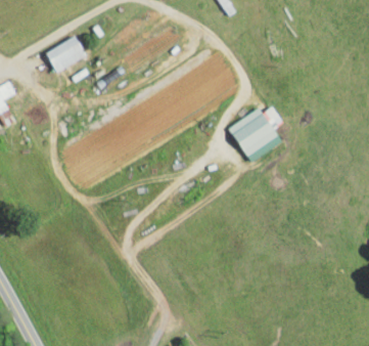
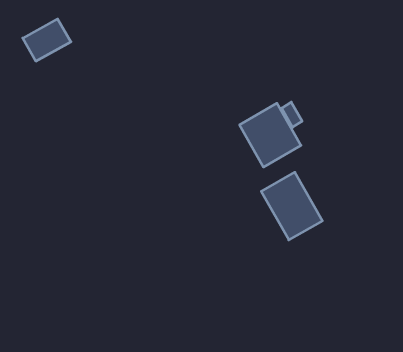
building: none -> [261,172,322,240]

